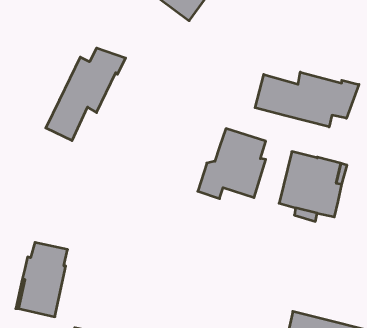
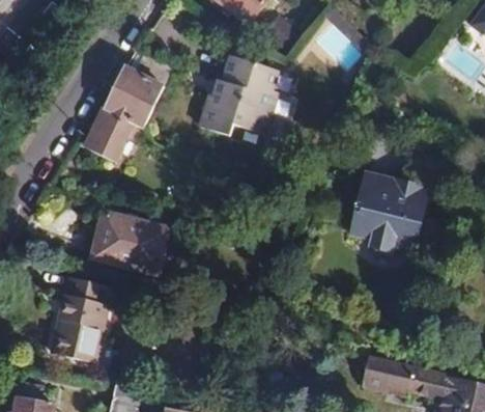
building: [255,72,359,127] -> none
building: [198,129,266,199] -> [199,56,277,136]
building: none -> [90,212,169,275]

